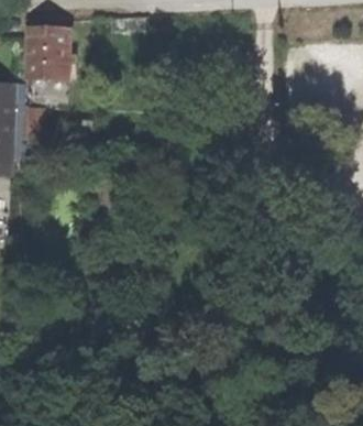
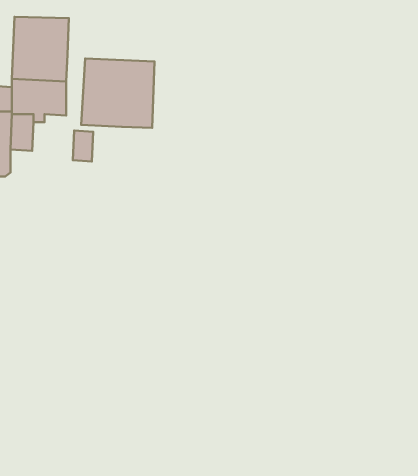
building: none -> [81,58,155,128]

